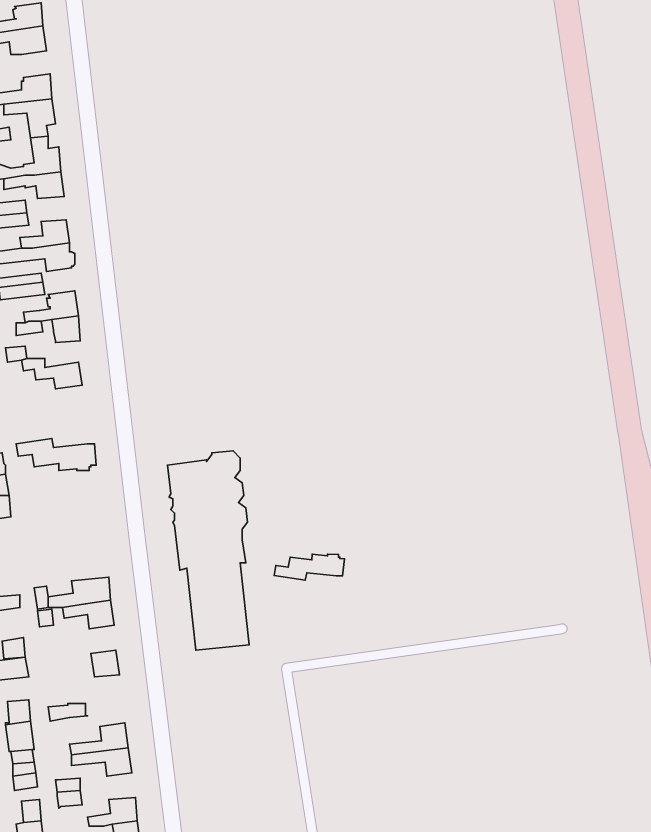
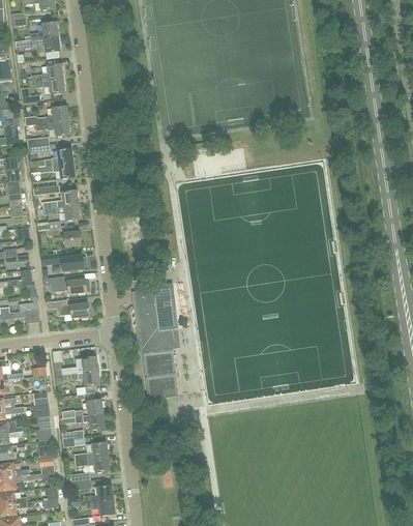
building: none -> [40,252,86,270]
building: none -> [46,299,89,318]
building: [274,554,345,580] -> none
building: none -> [59,413,105,429]

